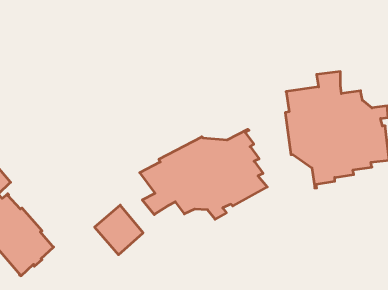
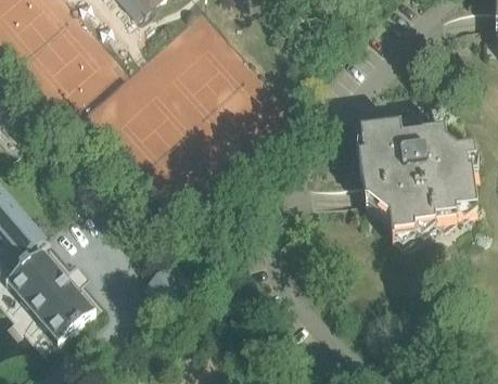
building: [140,129,267,219] -> none

